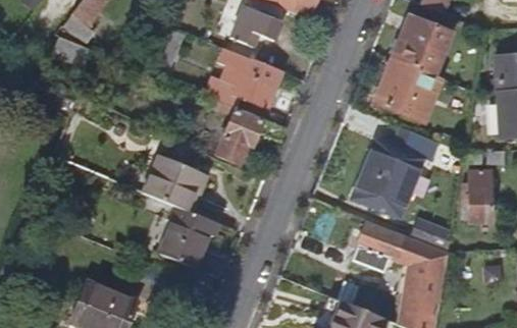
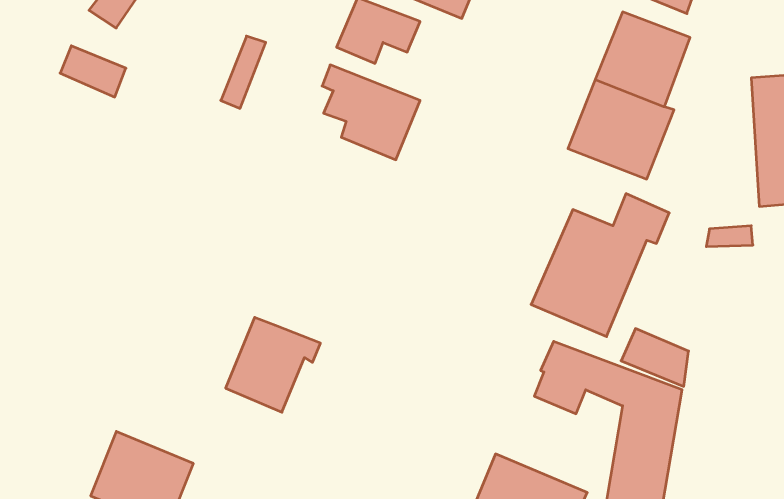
building: [212,98,286,162] -> none
building: [143,154,202,213] -> none
building: [469,169,493,220] -> none

